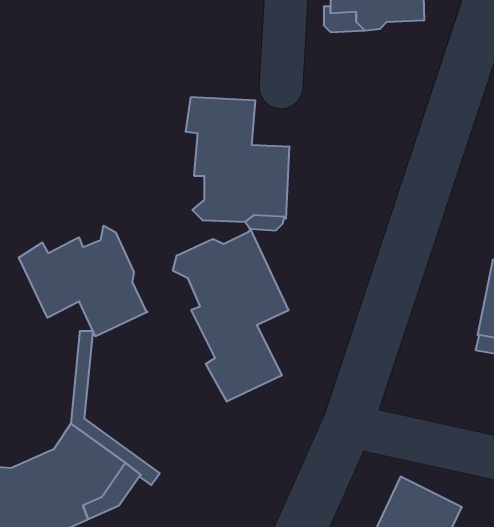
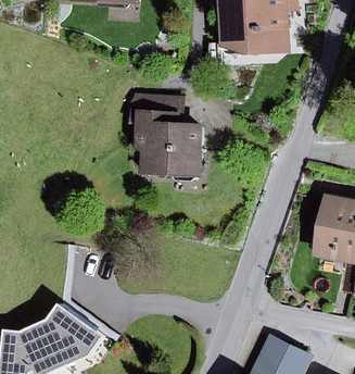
building: [19,226,148,336] -> none
building: [173,229,289,402] -> none

